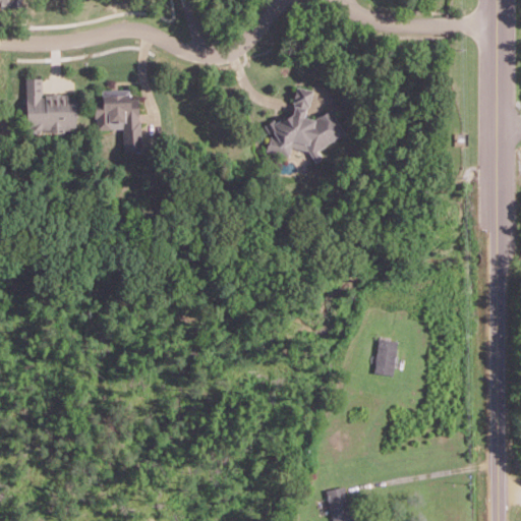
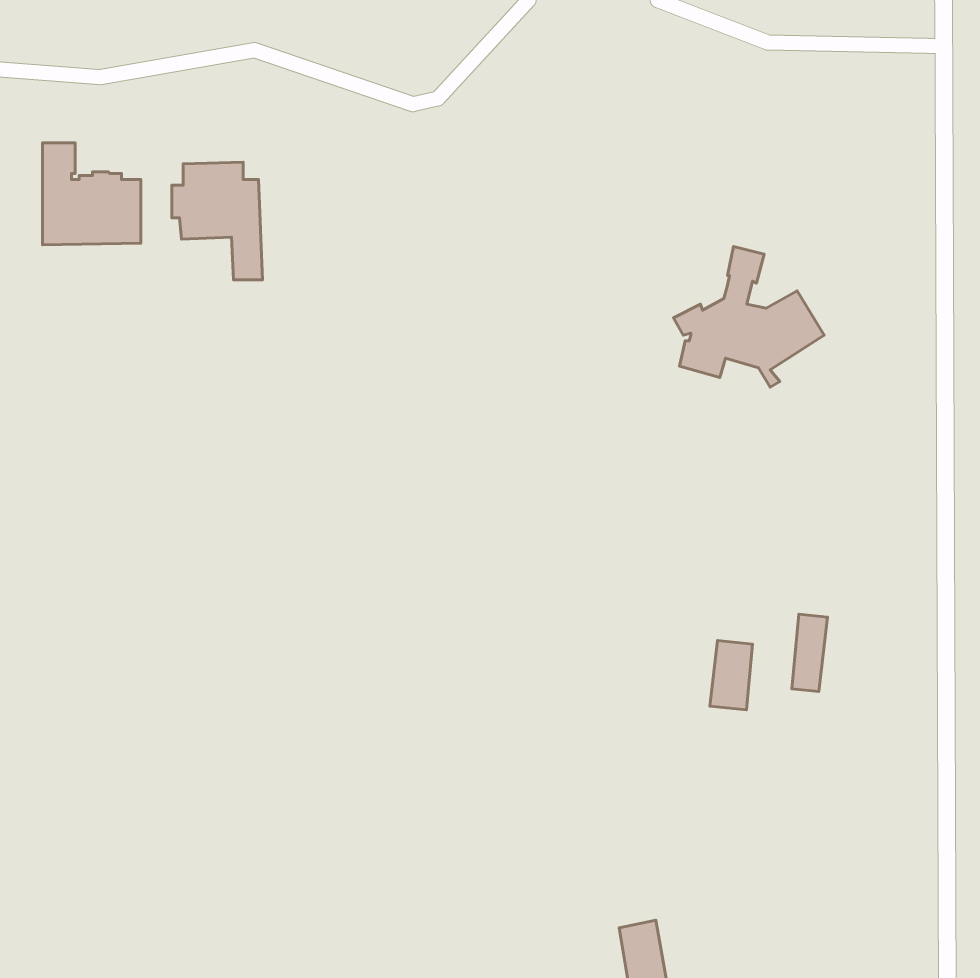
building: [265,89,344,163] -> [674,246,824,387]
building: none -> [792,614,828,692]

